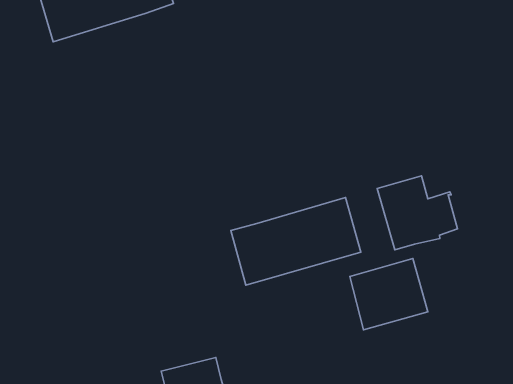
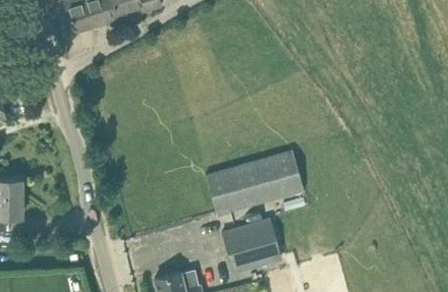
building: [377,176,457,250] -> none
building: [350,259,428,330] -> [222,220,280,273]

